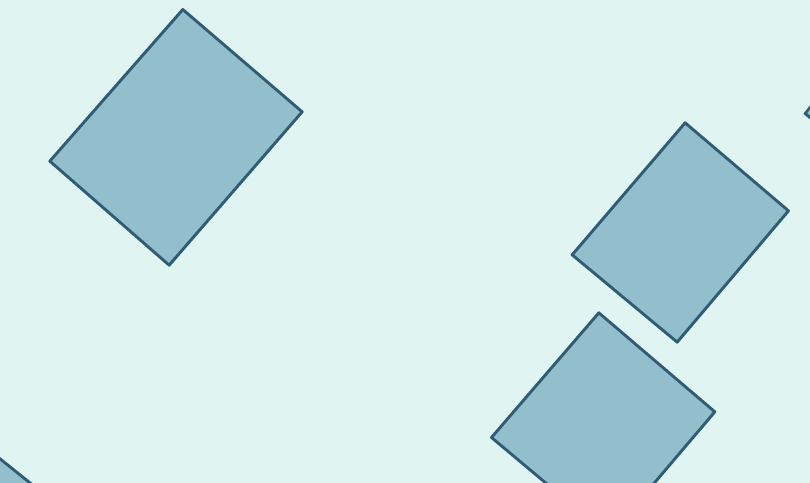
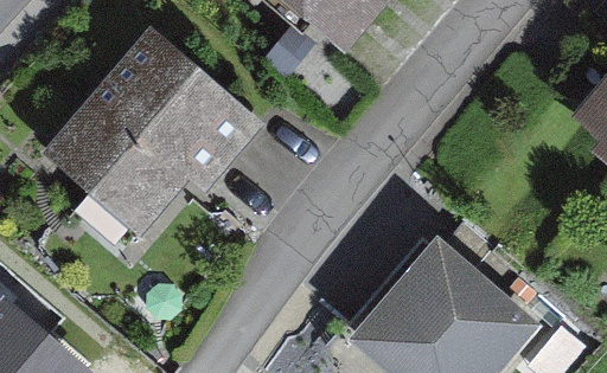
building: [572,123,789,342] -> none

